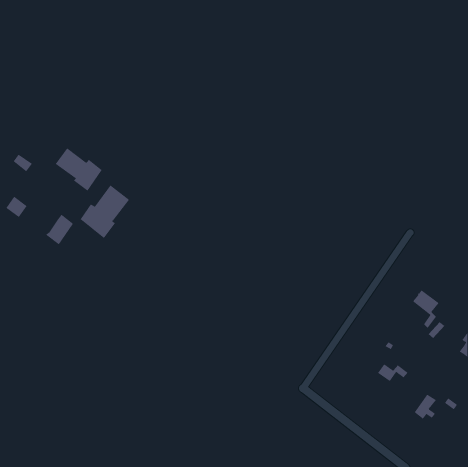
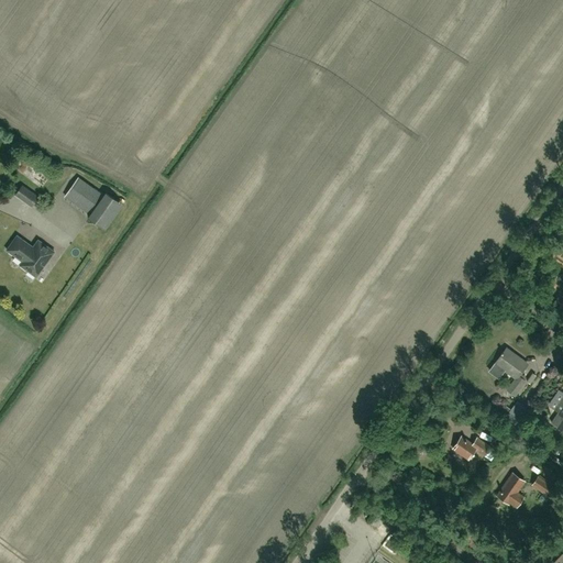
building: [80,184,130,239] -> none
building: [46,214,74,245] -> [20,241,54,278]

